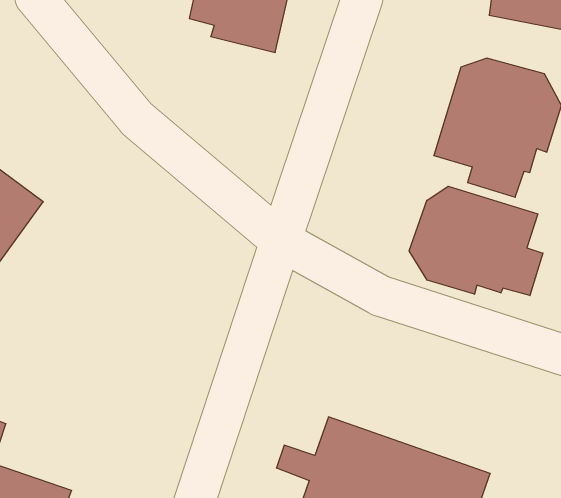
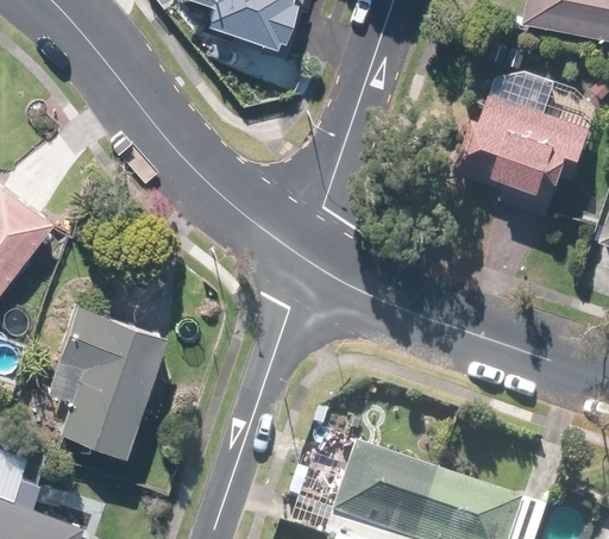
building: [409,186,543,296] -> none
building: none -> [59,300,167,456]

